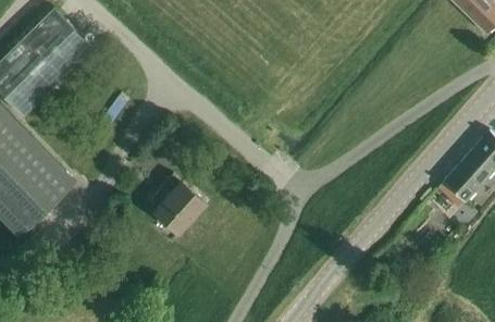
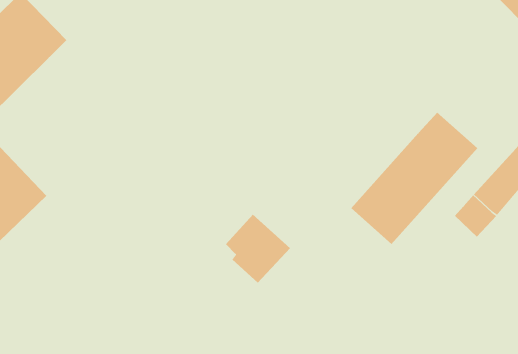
building: none -> [351,112,478,245]
building: [150,175,207,235] -> [225,214,291,284]

